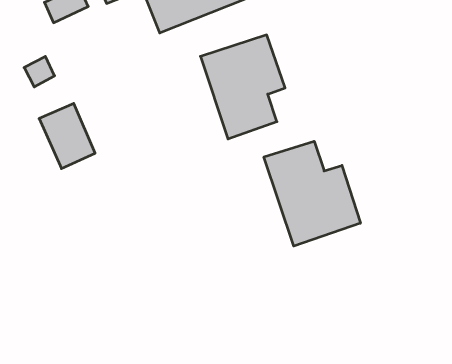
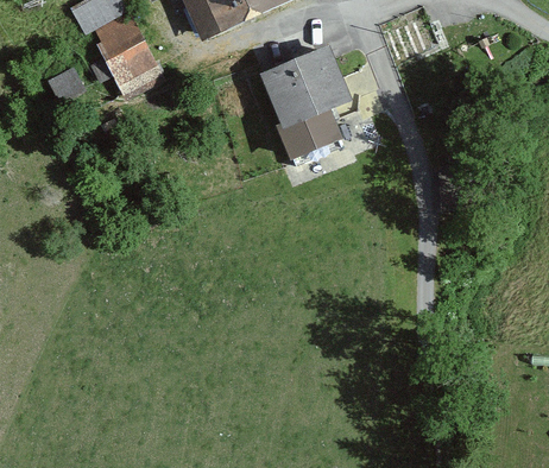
building: [39,103,95,169] -> [89,10,154,86]
building: [264,141,360,246] -> none

